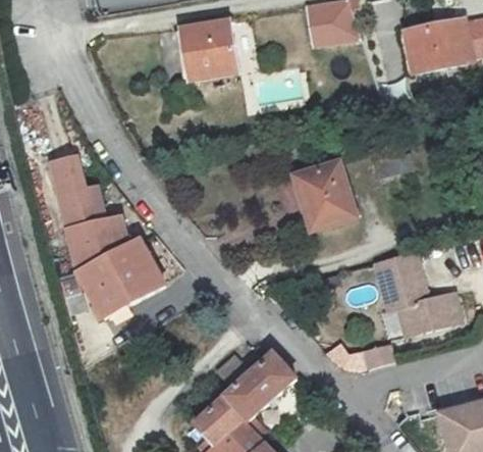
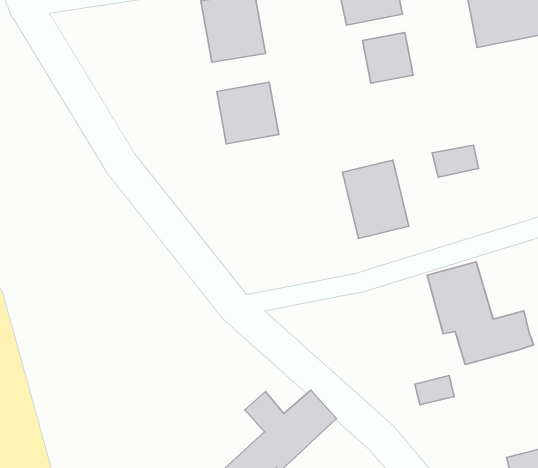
building: none -> [362,33,413,83]
building: none -> [217,82,279,144]
building: [53,159,164,320] -> none

